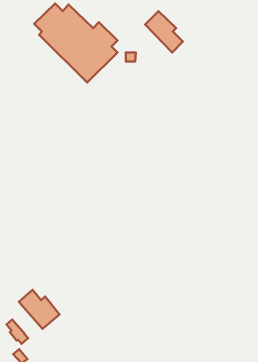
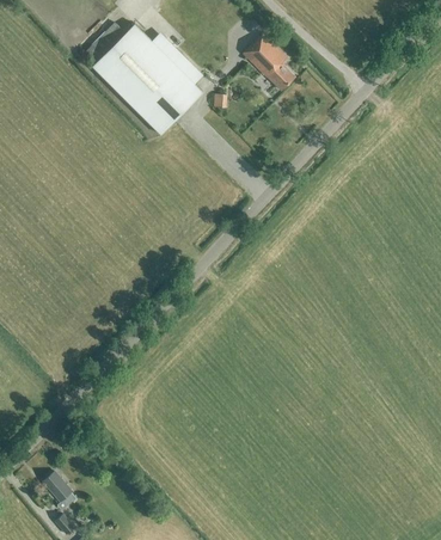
building: [19,290,59,329] -> none

